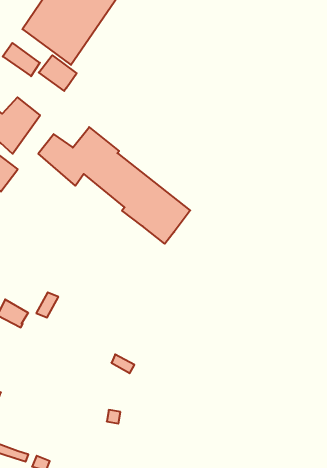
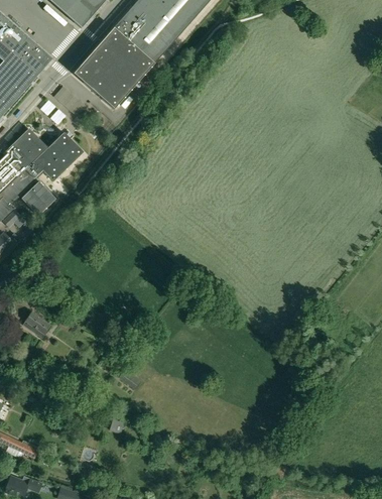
building: [39,55,77,91] -> none
building: [38,127,190,244] -> none

